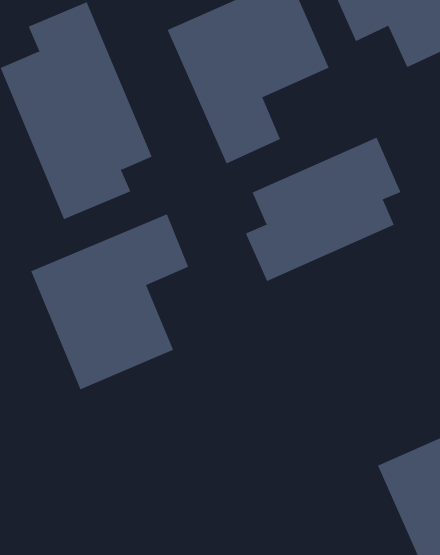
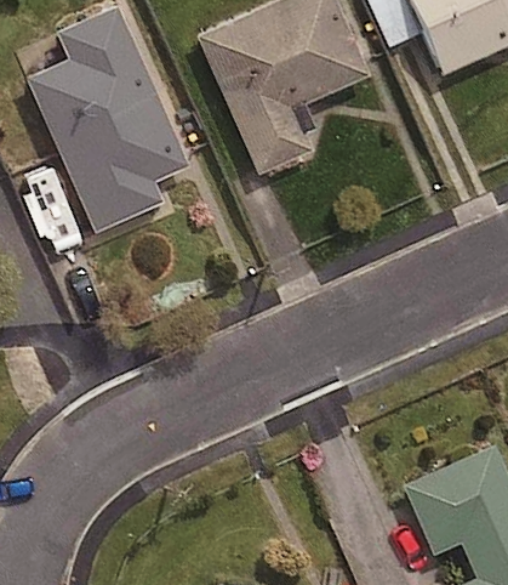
building: [245,137,401,282] -> none
building: [31,214,189,390] -> none

